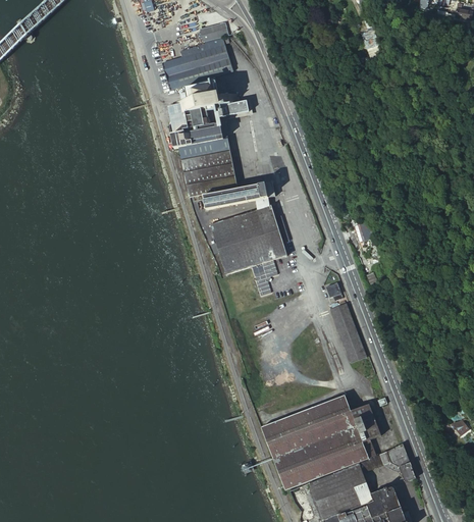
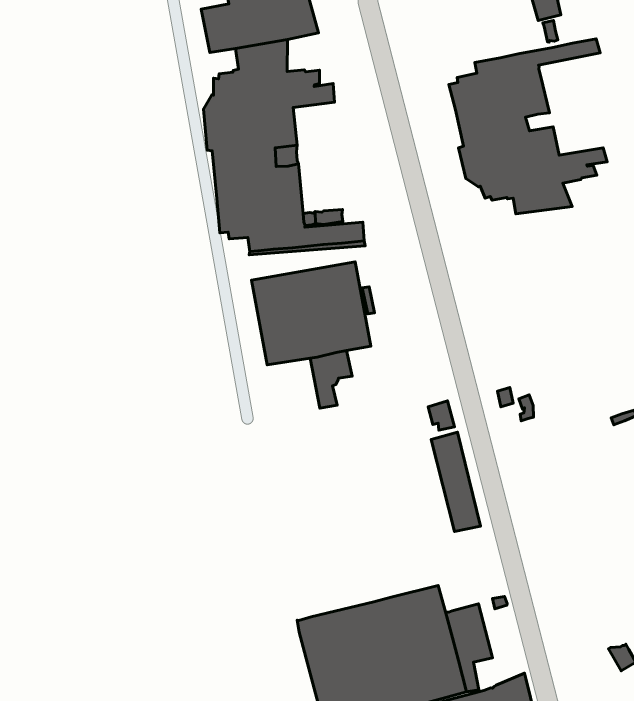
building: none -> [449,39,607,214]

